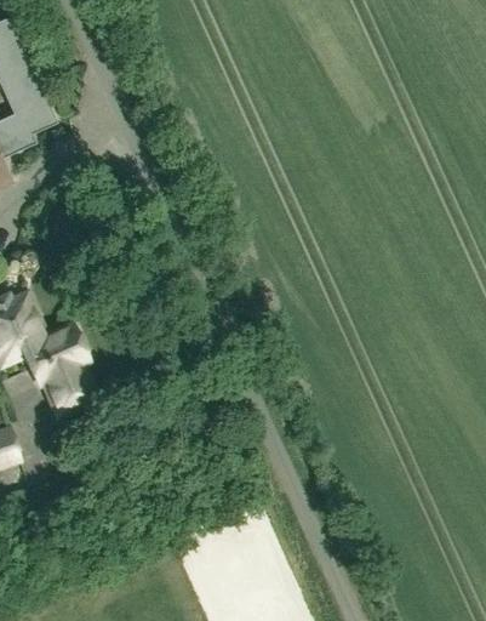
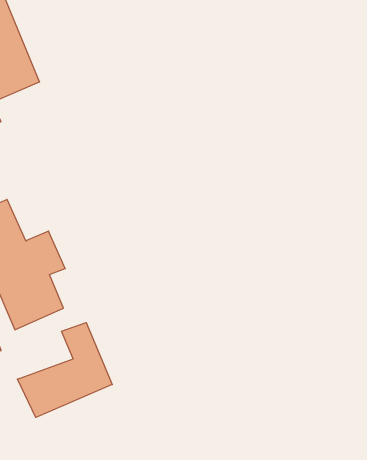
building: none -> [17,323,112,417]

